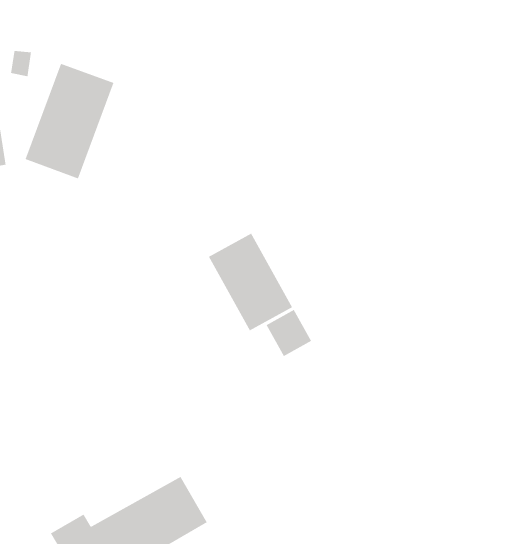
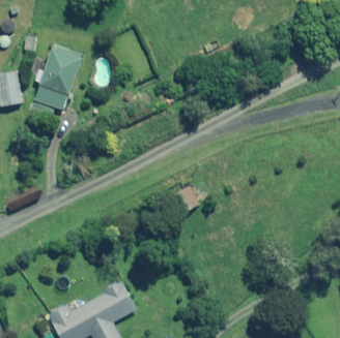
building: [208,232,293,332] -> none

